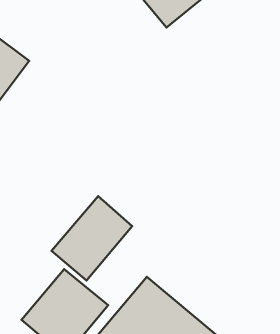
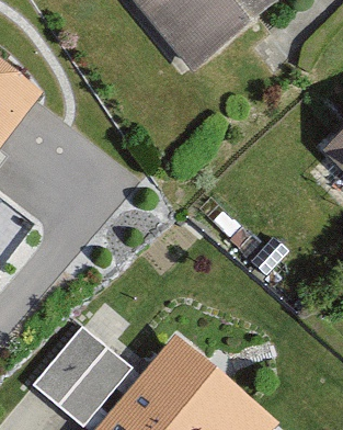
building: [51,196,132,281] -> none

